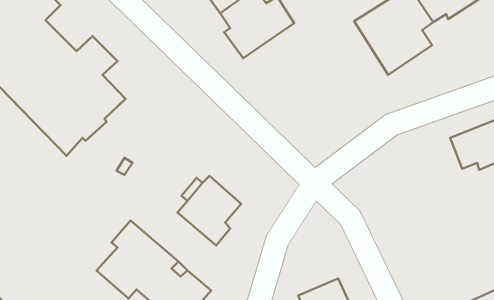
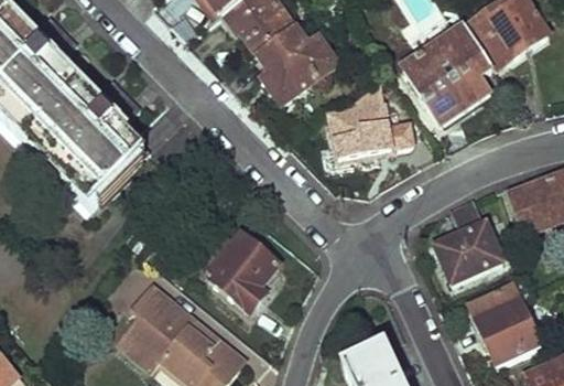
building: none -> [328,78,411,160]
building: none -> [436,197,502,282]
building: none -> [471,287,540,360]

